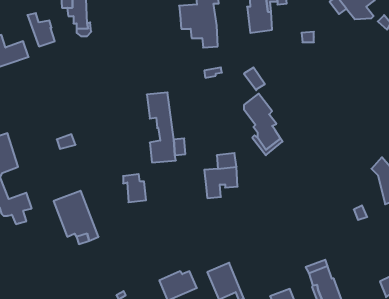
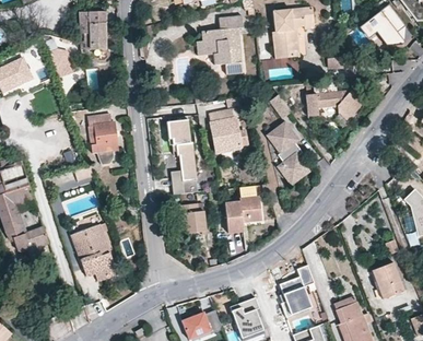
building: none -> [306,80,364,120]
building: none -> [209,109,247,151]
building: none -> [87,115,117,164]
building: [123,174,146,202] -> [183,203,207,233]
building: none -> [373,262,403,299]
building: none -> [280,278,310,317]

